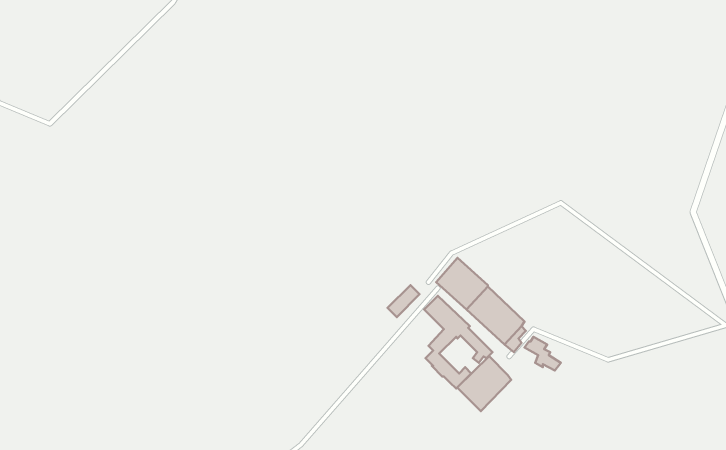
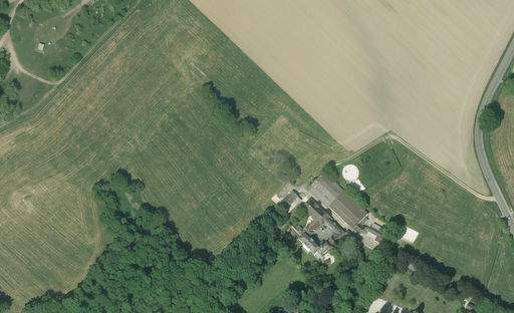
building: [457,356,511,411] -> none

